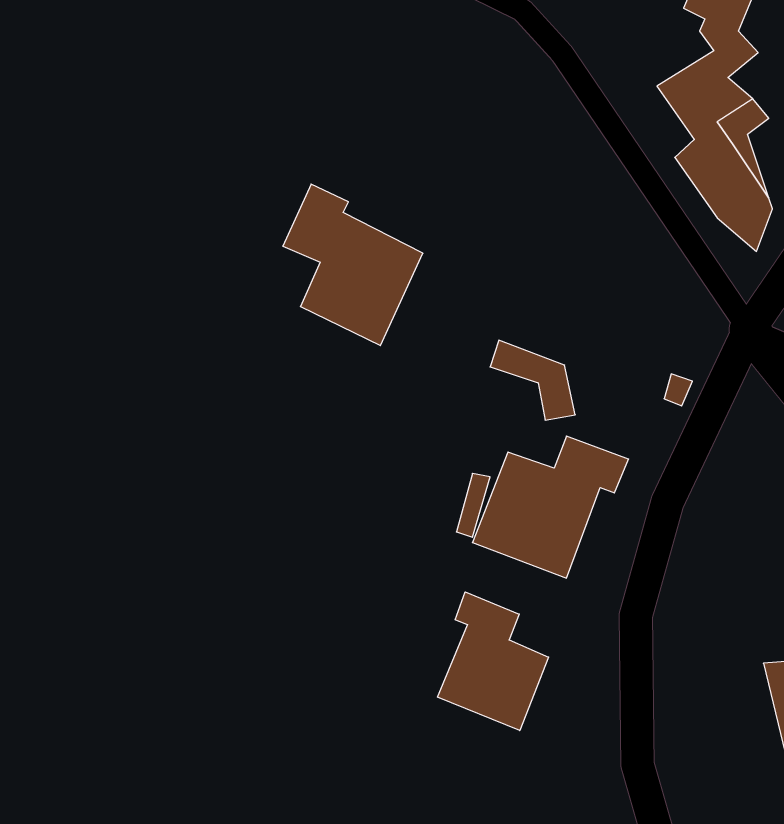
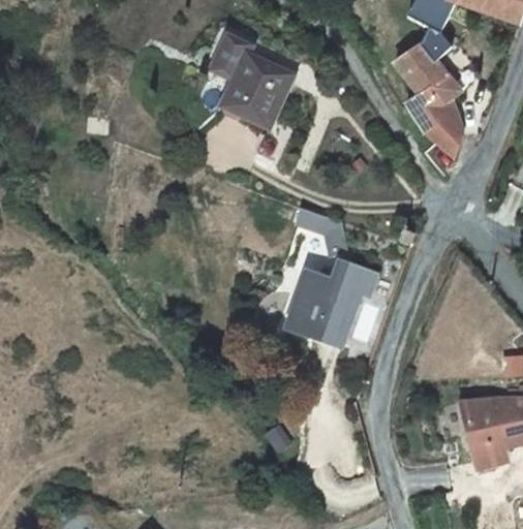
building: [283,184,423,346] -> [214,34,296,128]
building: [438,592,549,731] -> none

